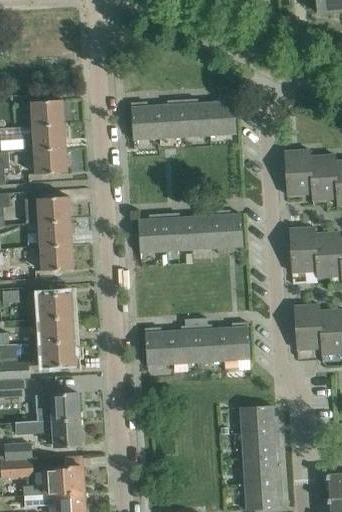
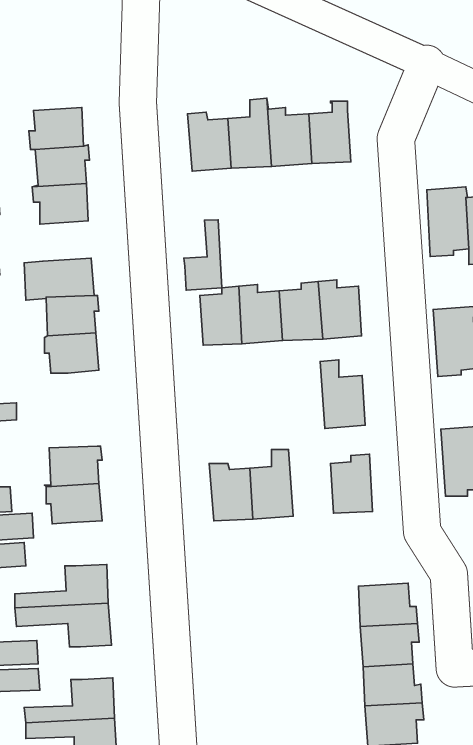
building: none -> [184,220,222,290]
building: [37,293,72,318] -> none
building: [195,318,224,362] -> [320,360,365,428]

